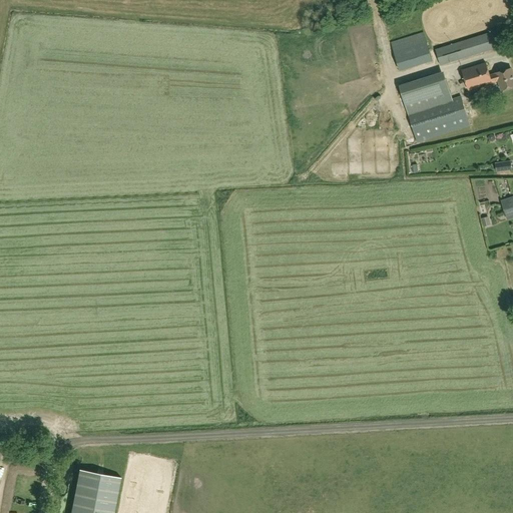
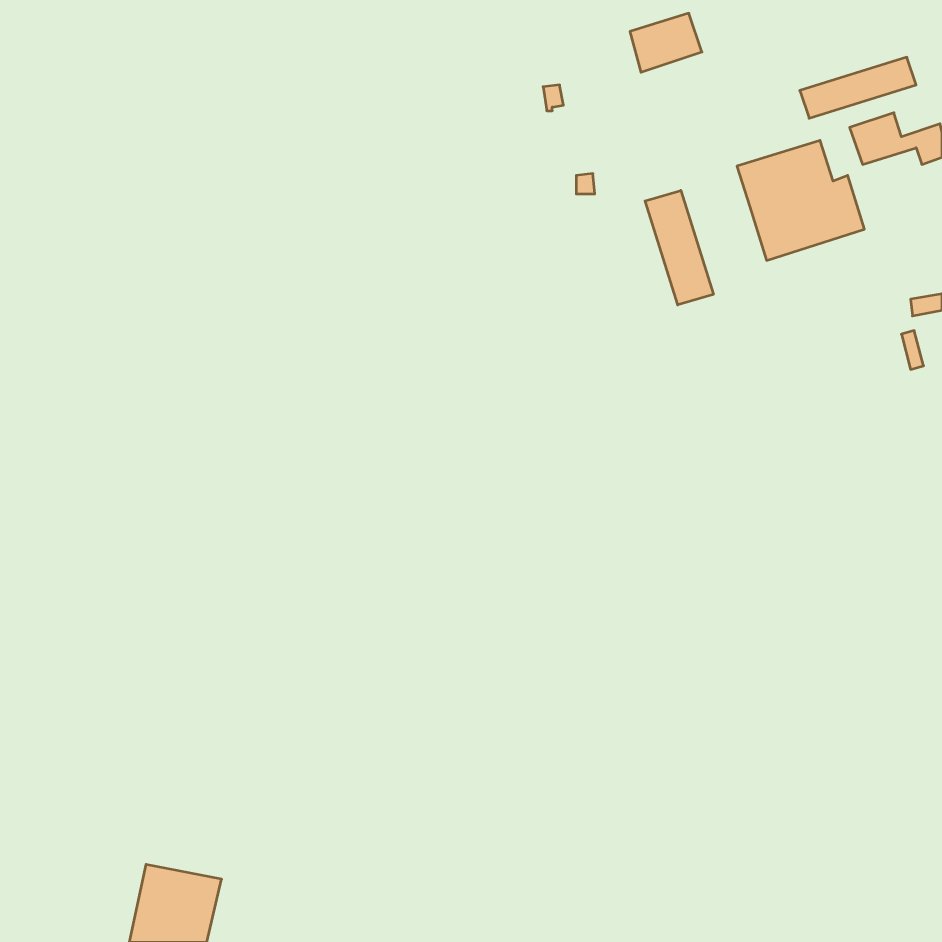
building: [392,37,431,69] -> [630,13,702,72]
building: none -> [645,190,713,305]

